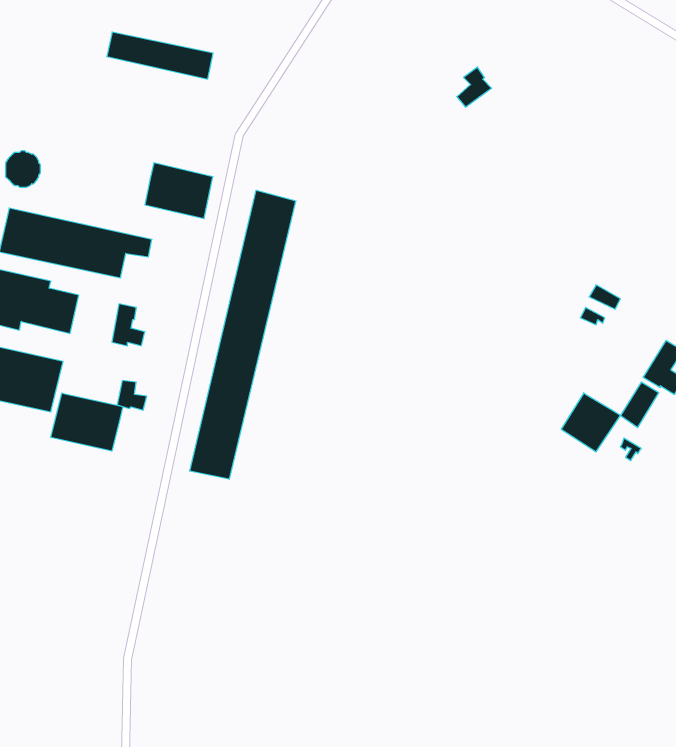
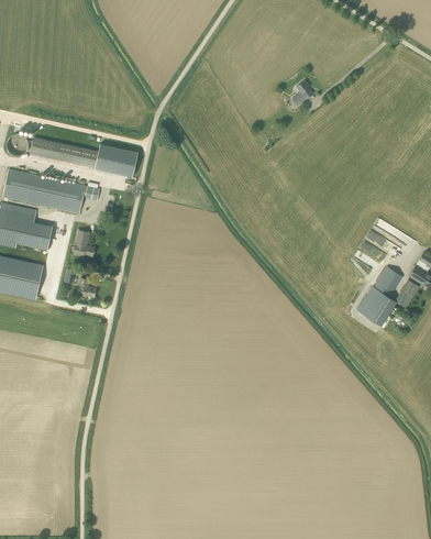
building: [107,32,213,79] -> [31,138,98,167]
building: [190,190,296,479] -> none
building: none -> [373,266,402,297]
building: [51,393,123,451] -> none

